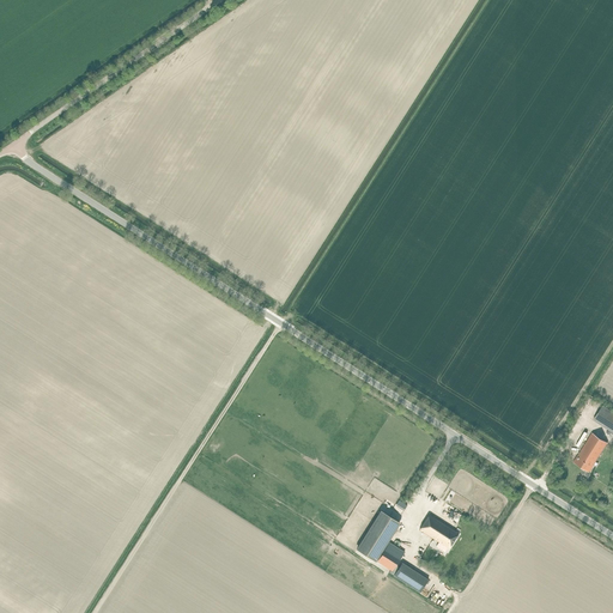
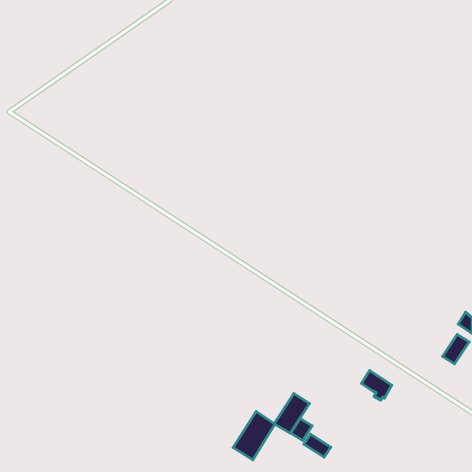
building: [419,514,459,552] -> [361,370,392,400]
building: none -> [233,411,275,460]

